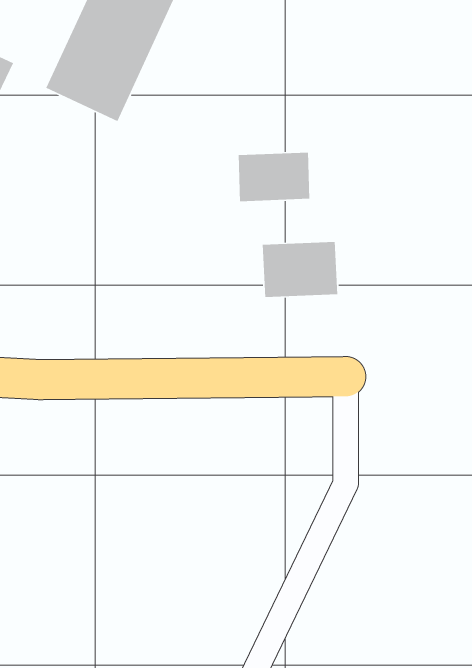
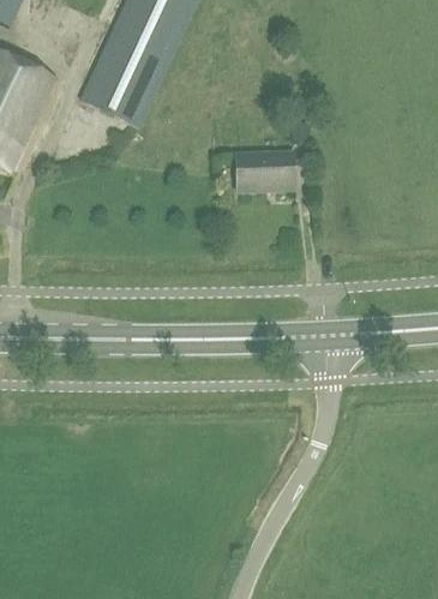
building: [262,241,338,298] -> none

